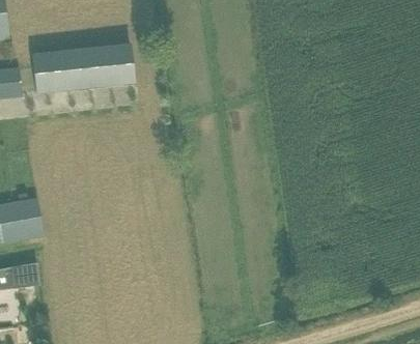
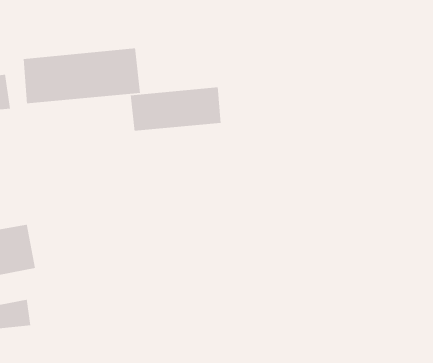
building: none -> [130,87,221,132]

